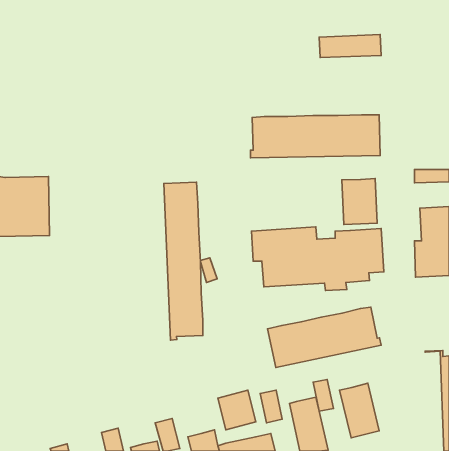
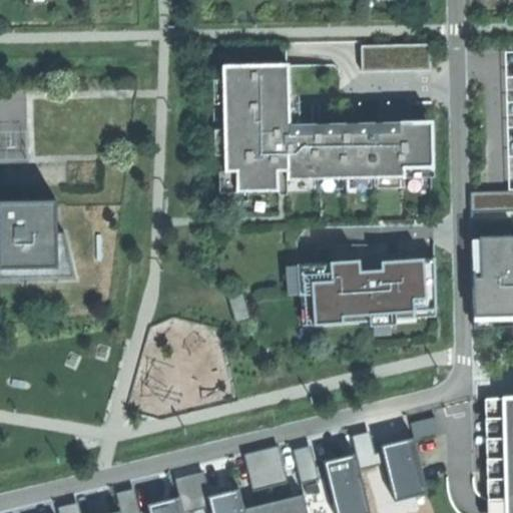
building: none -> [217,64,288,192]
building: [342,179,377,224] -> none
building: [164,182,203,340] -> none
building: [268,307,381,368] -> none

